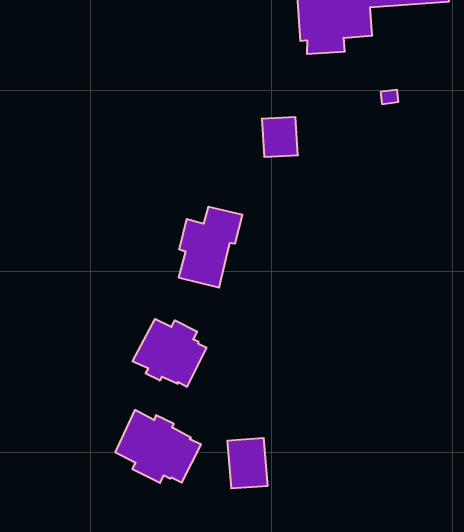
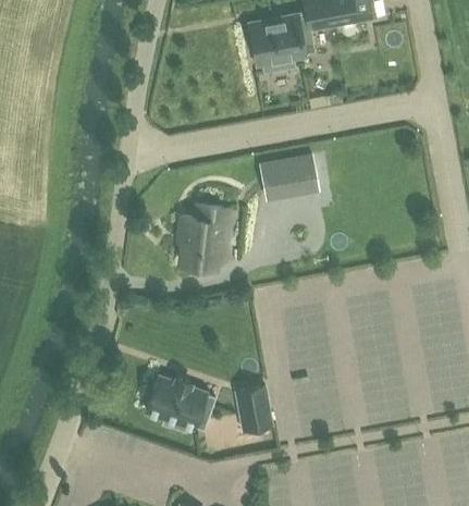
building: [262,117,298,157] -> [272,158,305,193]
building: [133,319,206,387] -> none

